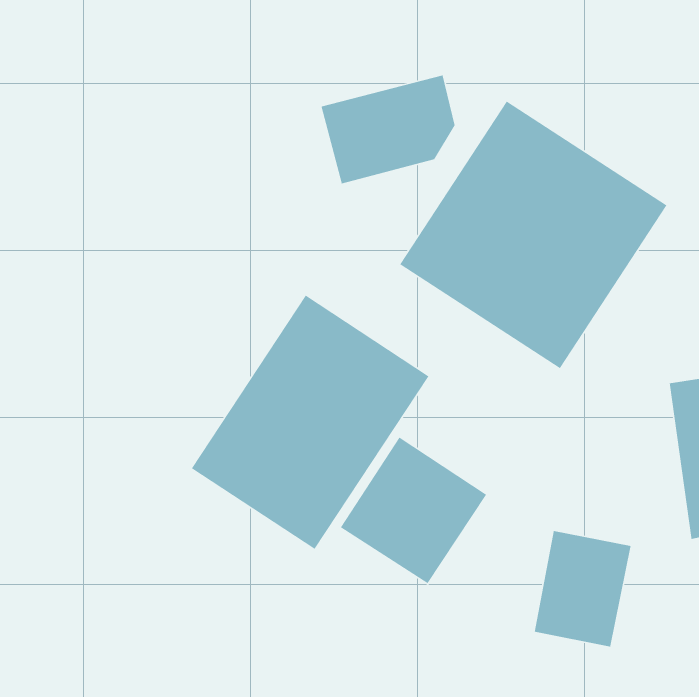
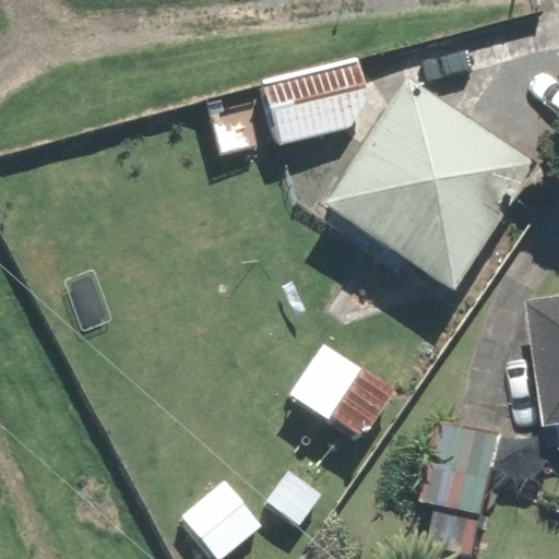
building: [191,295,430,550] -> none

